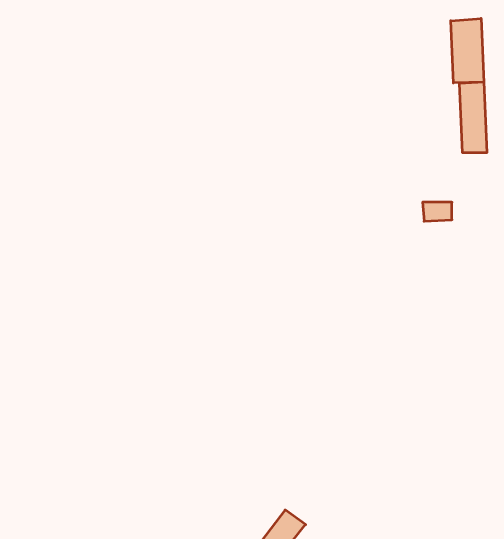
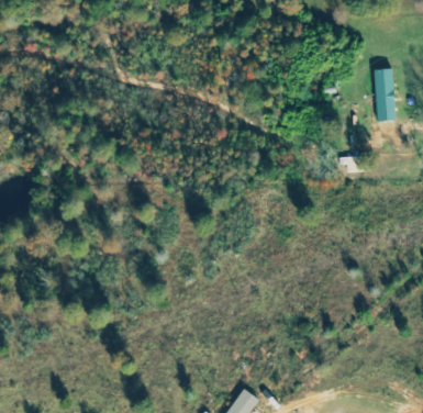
building: [451,18,484,83] -> none

